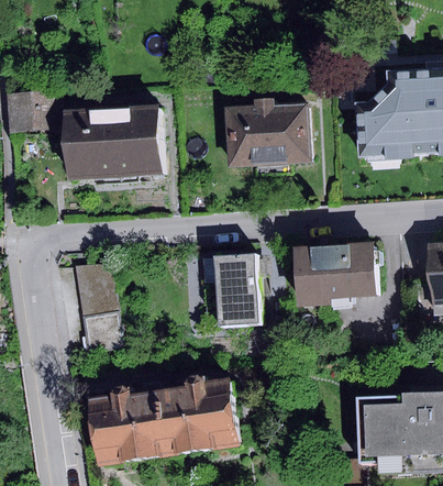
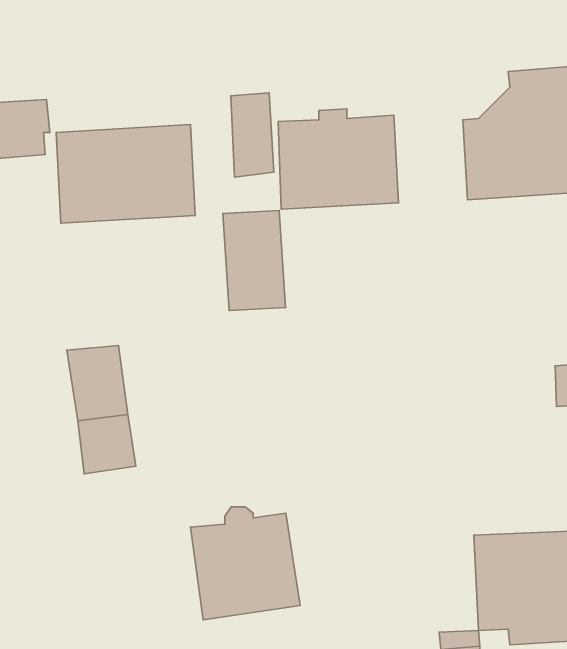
building: none -> [231,93,274,177]
building: [296,242,377,305] -> none
building: [217,253,261,323] -> [223,210,285,311]
building: [93,386,170,465] -> none

